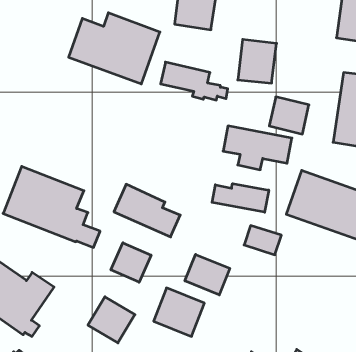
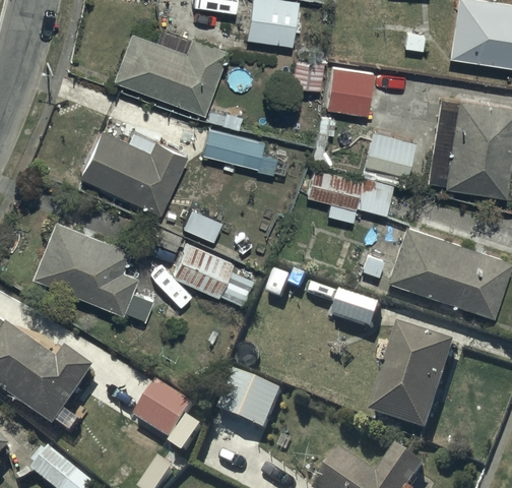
building: [161,62,228,100] -> [202,129,286,177]
building: none -> [77,128,188,217]
building: [212,184,269,212] -> none
building: [111,243,151,282] -> none
building: none -> [371,327,457,436]
building: [185,254,230,295] -> none

